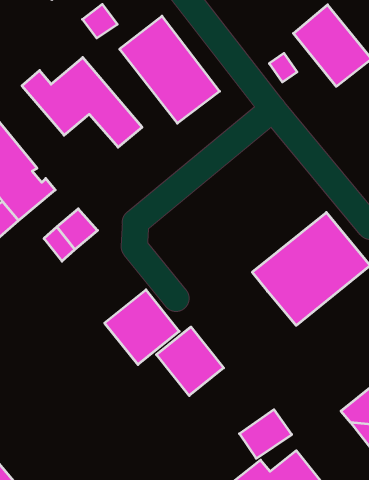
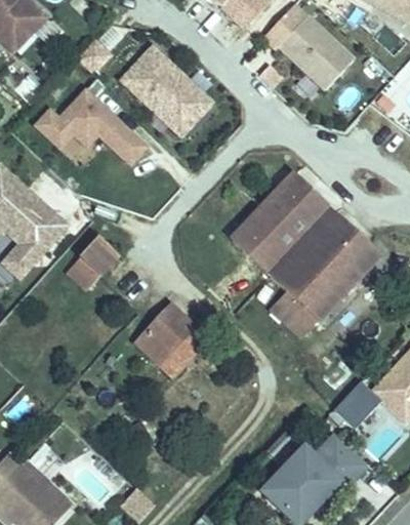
building: none -> [232,171,325,268]
building: none -> [269,286,316,332]
building: [156,327,224,396] -> none
building: [239,410,292,458] -> [334,386,382,433]

